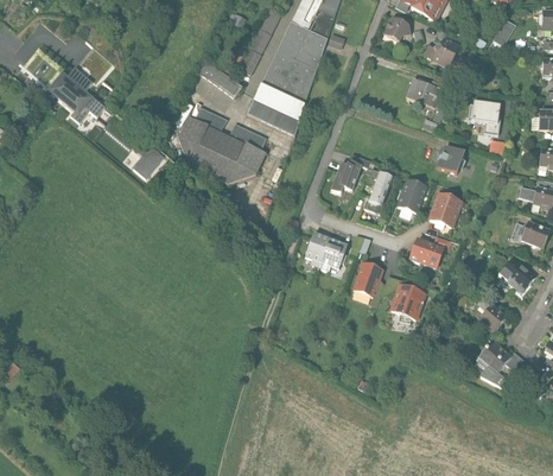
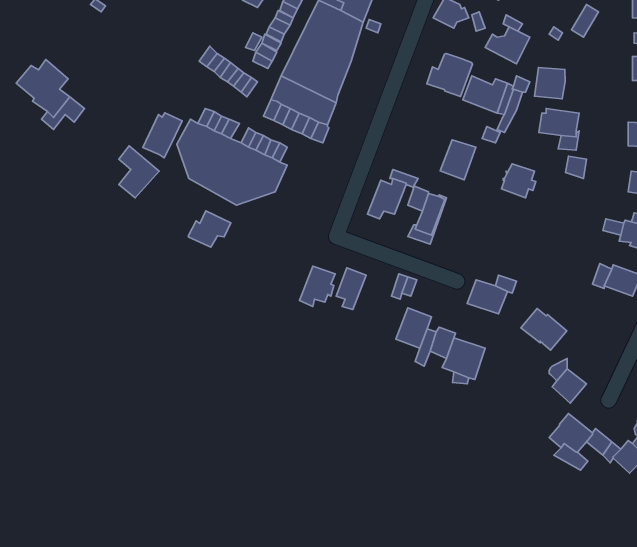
building: none -> [427,53,472,96]
building: none -> [535,67,565,99]
building: none -> [143,113,182,158]
building: [398,180,426,212] -> [440,140,476,180]
building: none -> [188,211,231,247]
building: [430,195,460,228] -> none
building: [319,236,348,268] -> [300,266,335,306]
building: [497,265,534,298] -> [521,308,567,350]

